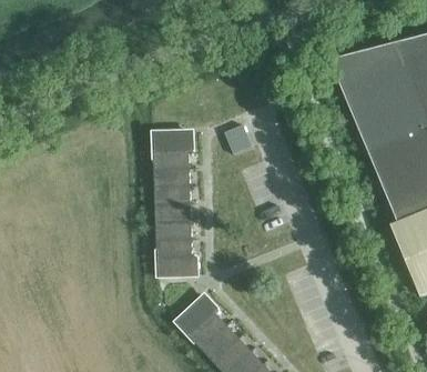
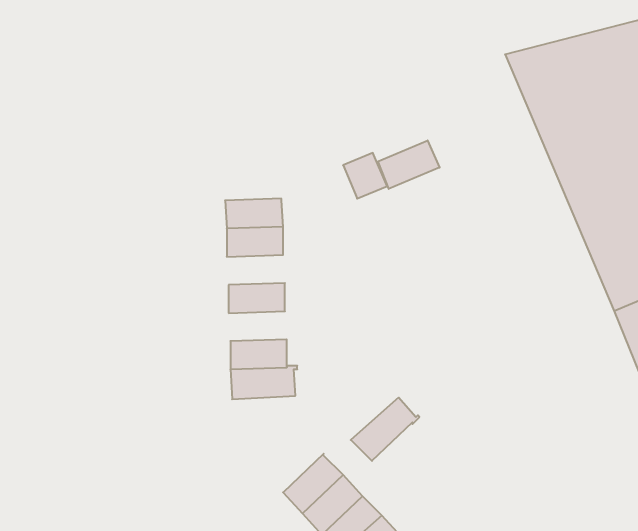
building: none -> [377,140,440,189]
building: [152,131,194,151] -> none
building: [153,185,190,204] -> none
building: [154,221,191,240] -> none
building: [175,295,218,335] -> [351,398,419,461]

